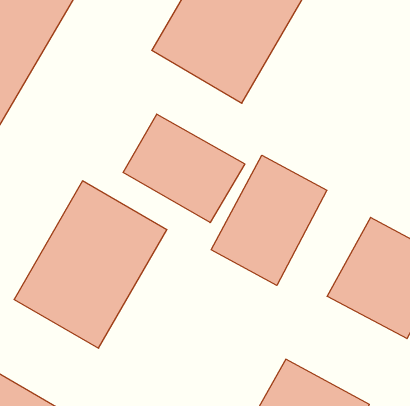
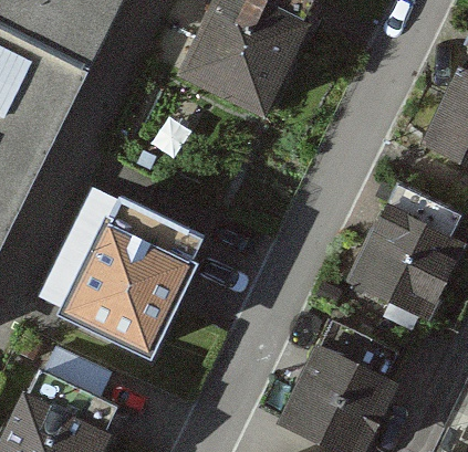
building: [123,114,245,223] -> none
building: [211,155,327,285] -> none

